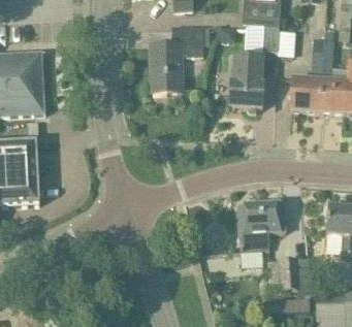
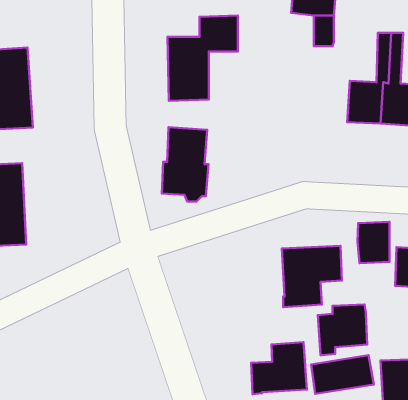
building: [229,54,265,111] -> [162,127,208,202]
building: none -> [358,222,390,263]
building: none -> [251,342,307,394]

